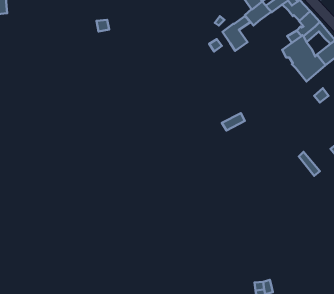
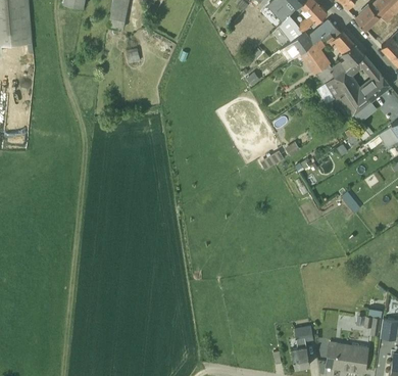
building: [223,16,251,51] -> [300,36,330,73]

